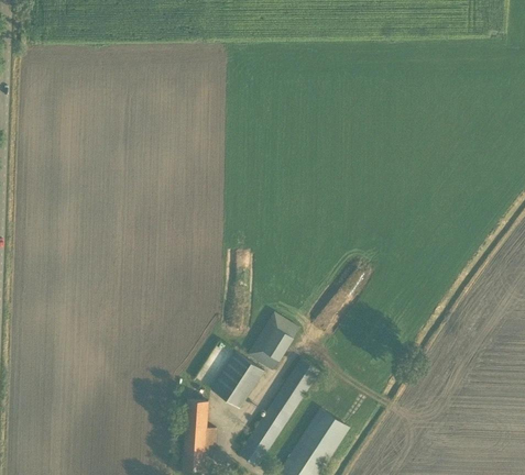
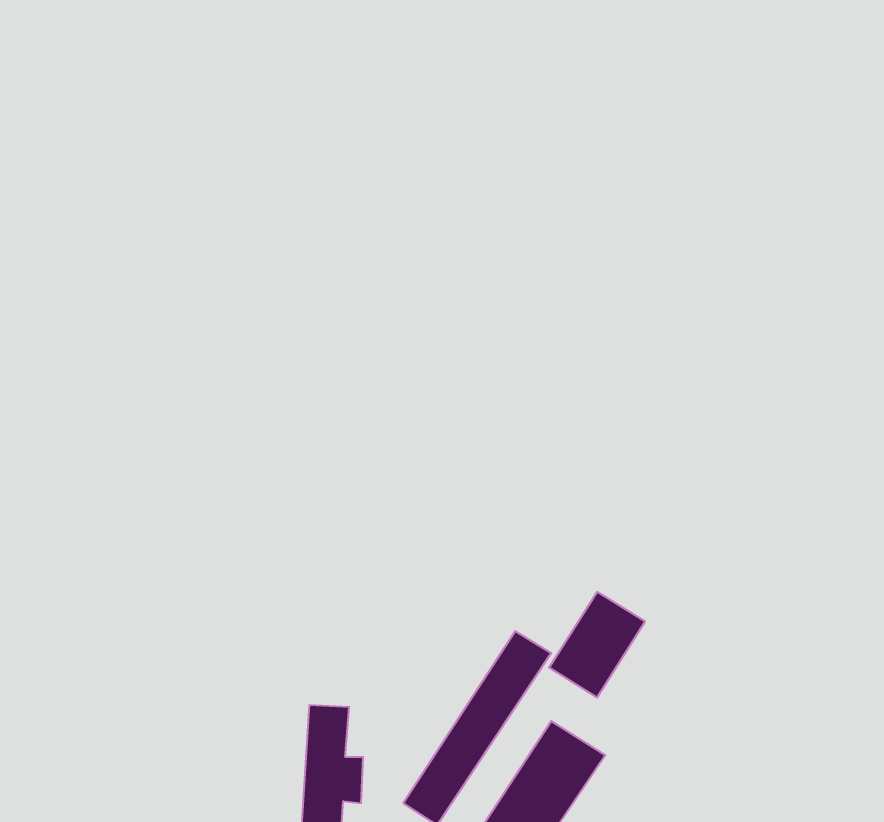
building: [247,311,299,369] -> [549,592,645,698]
building: [211,352,265,409] -> none

